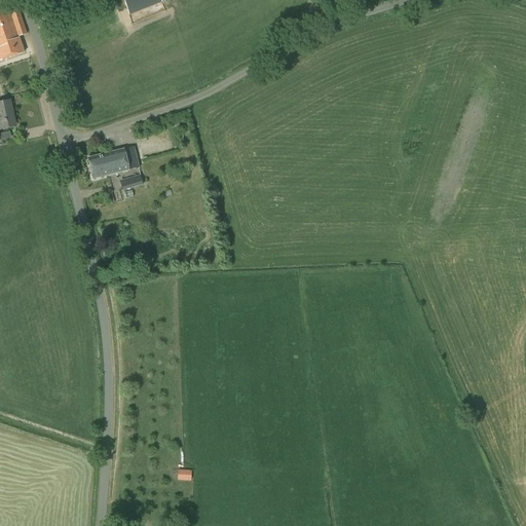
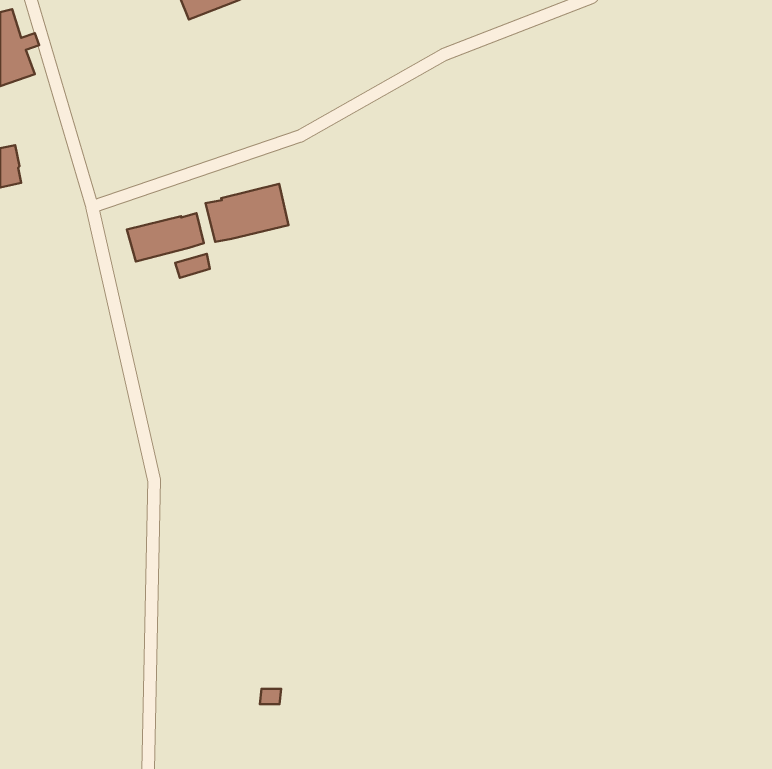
building: none -> [205,184,288,242]

